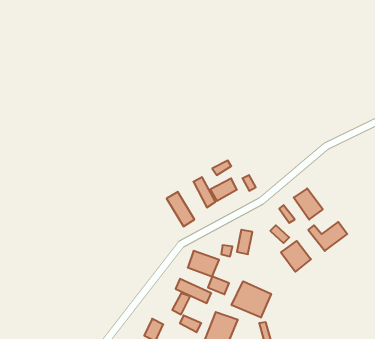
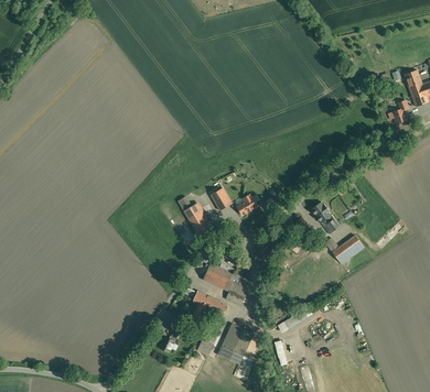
building: [281,241,311,272] -> none
building: [232,281,271,318] -> none

